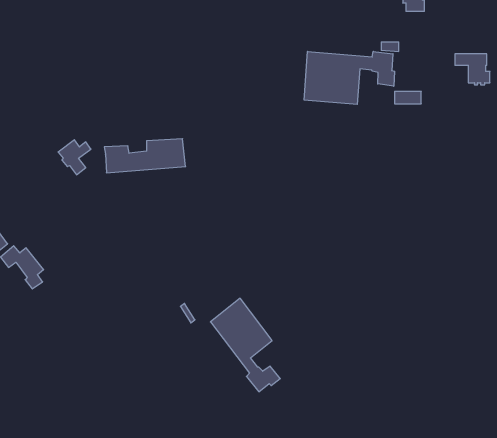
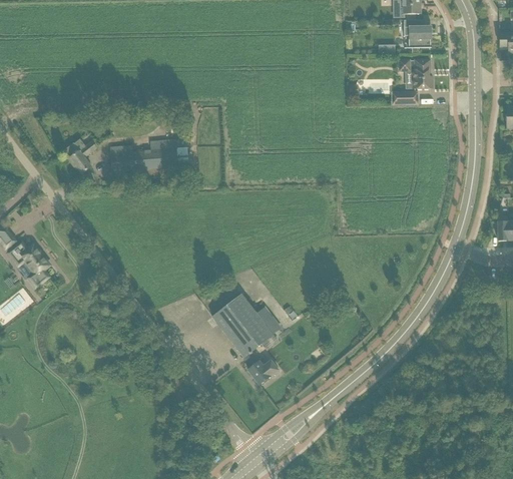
building: none -> [404,19,432,47]
building: [304,51,395,104] -> none
building: [455,54,490,85] -> [399,59,433,89]

